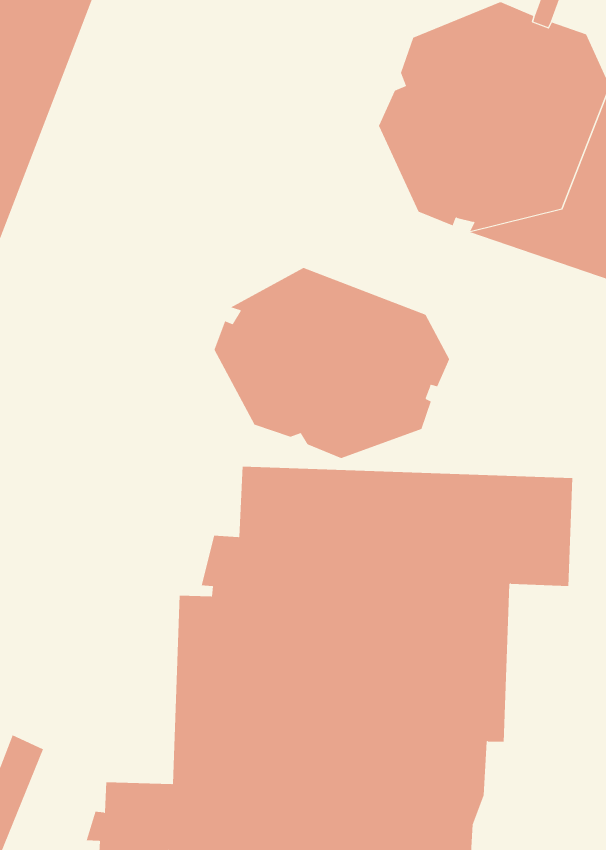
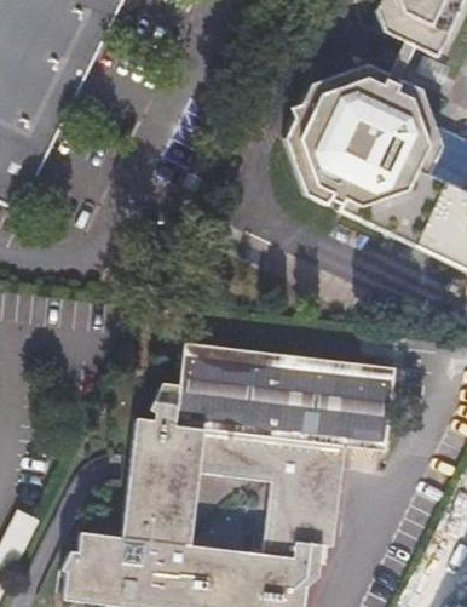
building: [214,267,450,459] -> none

